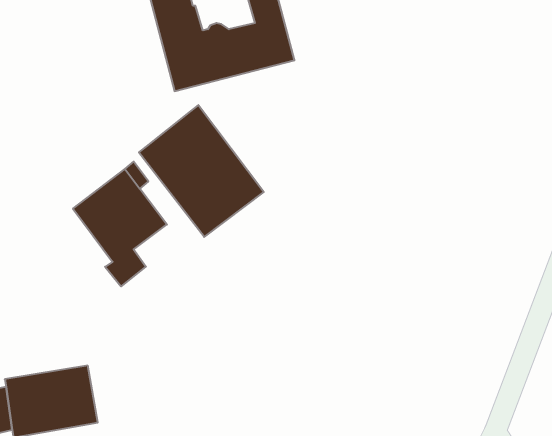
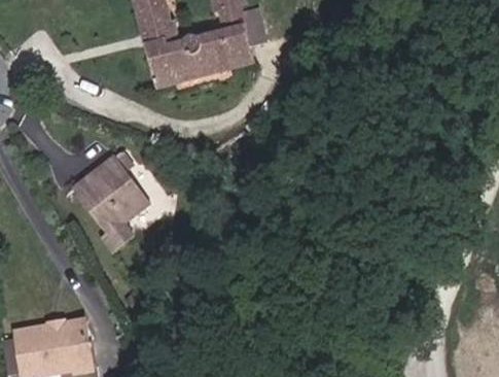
building: [139,105,264,237] -> none

